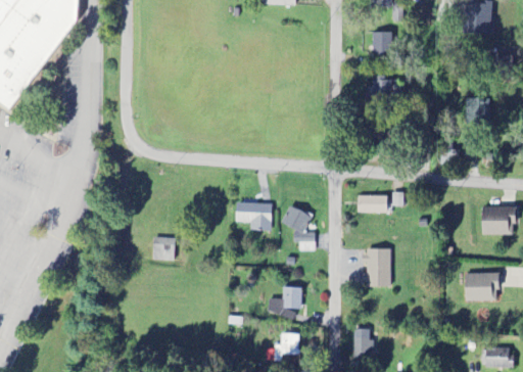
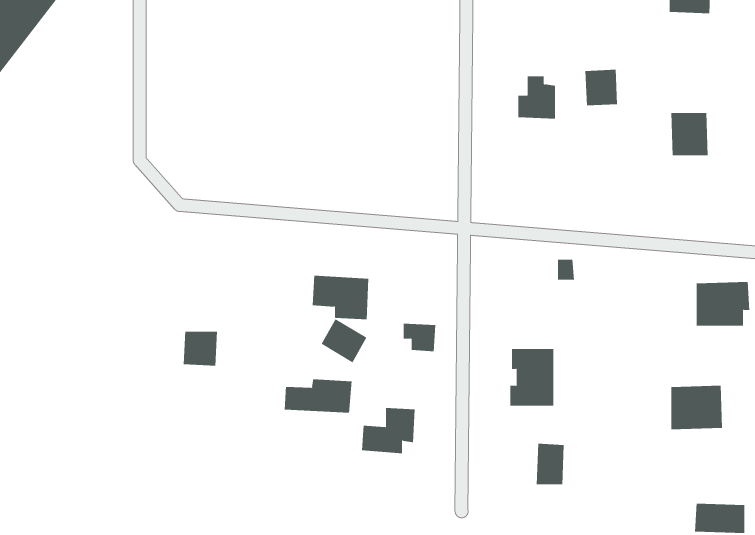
building: [371,31,392,54] -> [585,69,618,106]
building: [356,195,386,213] -> none
building: [281,204,311,233] -> [321,318,367,363]
building: none -> [284,379,352,413]
building: [352,328,371,355] -> [536,443,565,485]
building: [265,332,298,361] -> none

